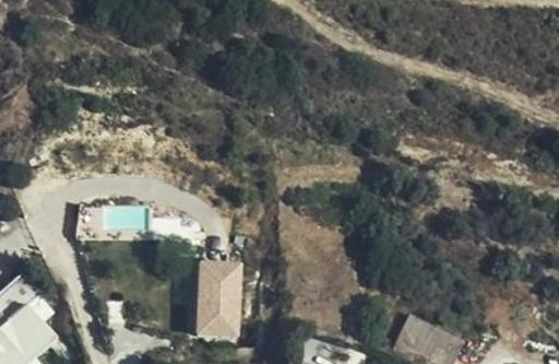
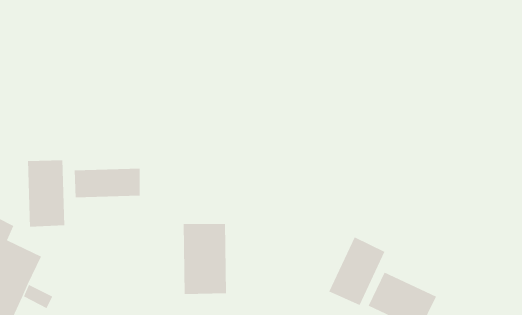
building: none -> [28,160,65,228]
building: none -> [329,237,385,306]

